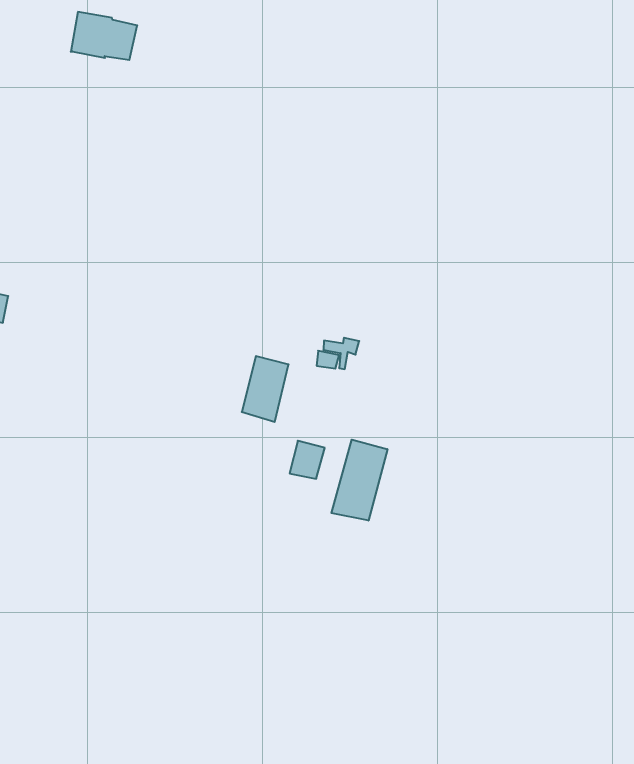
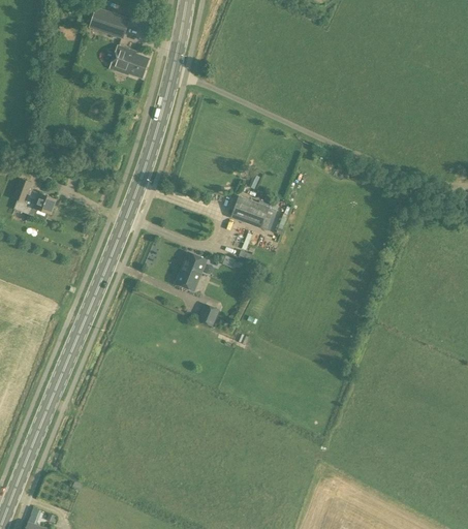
building: none -> [232,196,271,229]
building: [331,440,387,521] -> none

